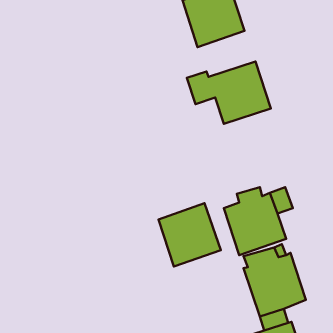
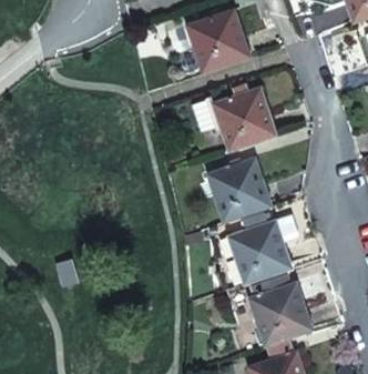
building: [159,203,221,267] -> [207,158,270,222]

